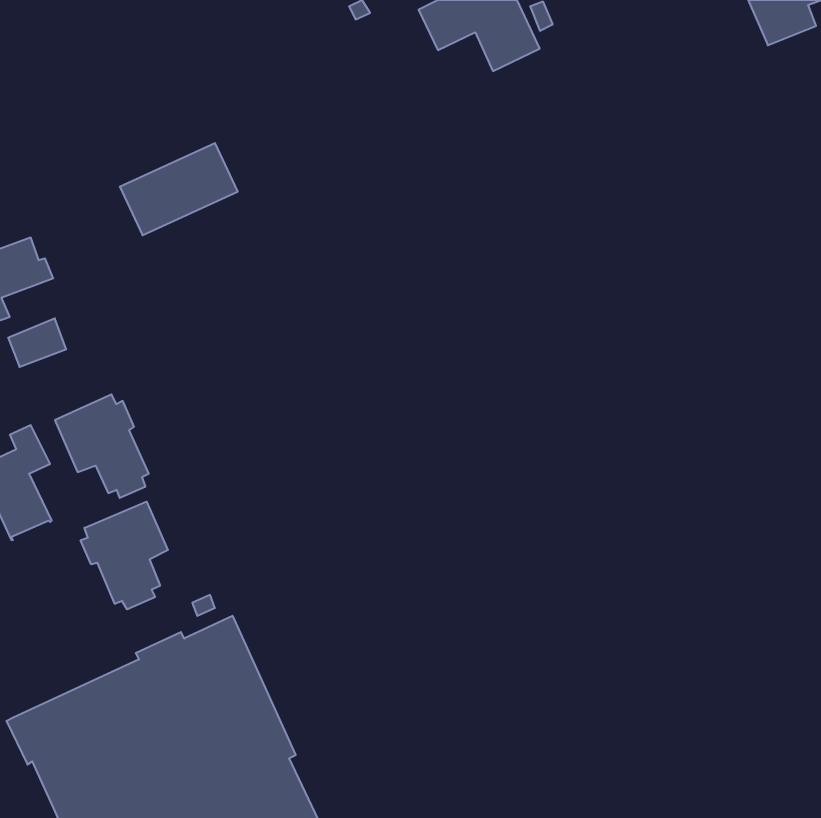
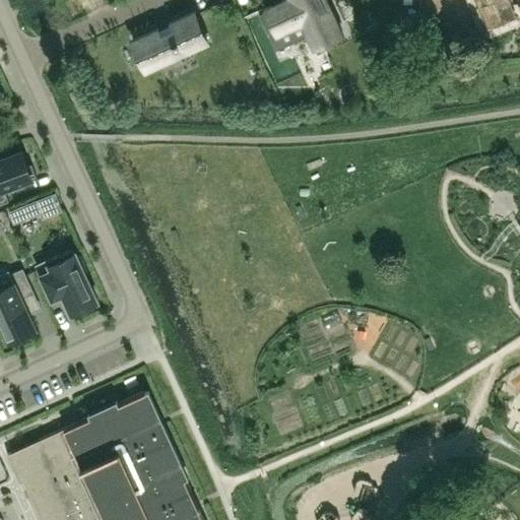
building: [120,143,238,235] -> [130,15,204,73]
building: [81,502,168,609] -> none

